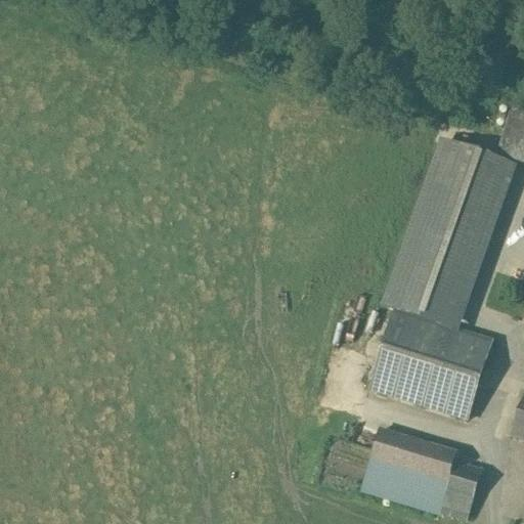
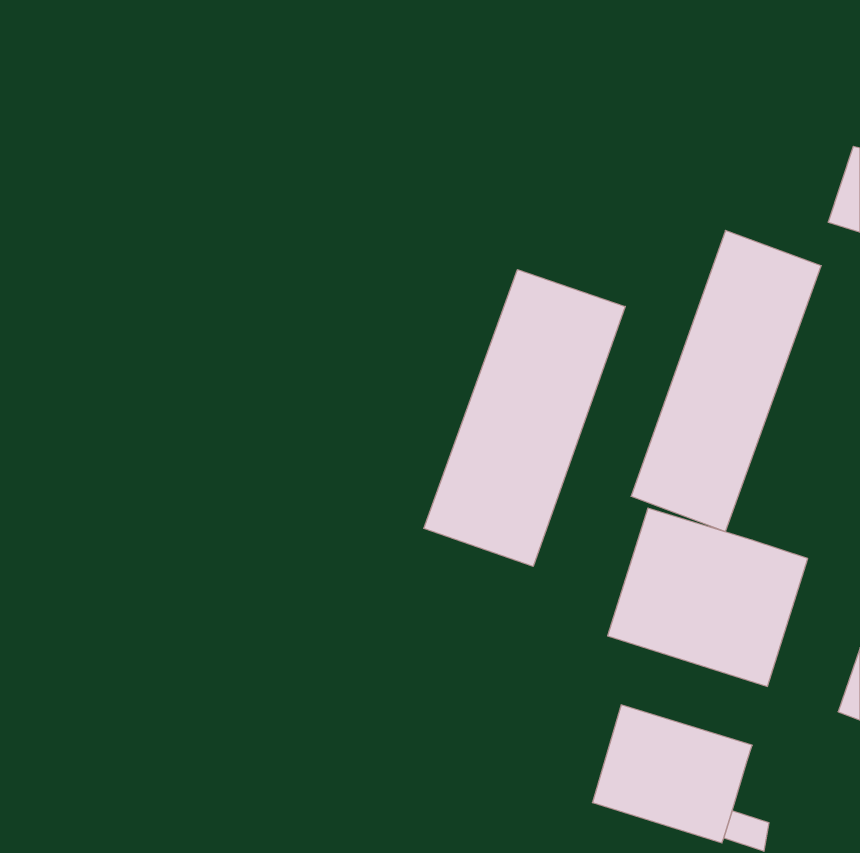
building: [441,162,515,329] -> none
building: none -> [424,270,625,566]
building: [445,463,480,501] -> none

